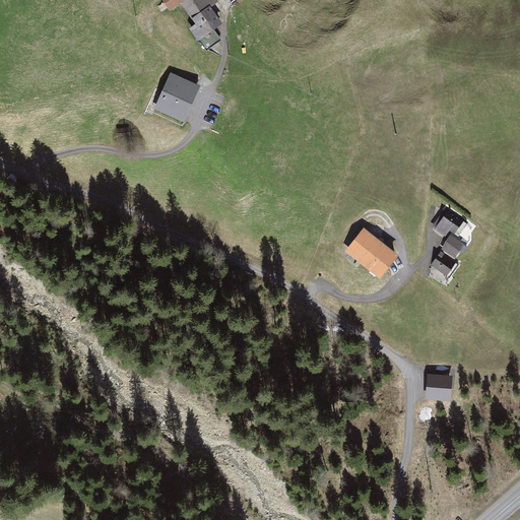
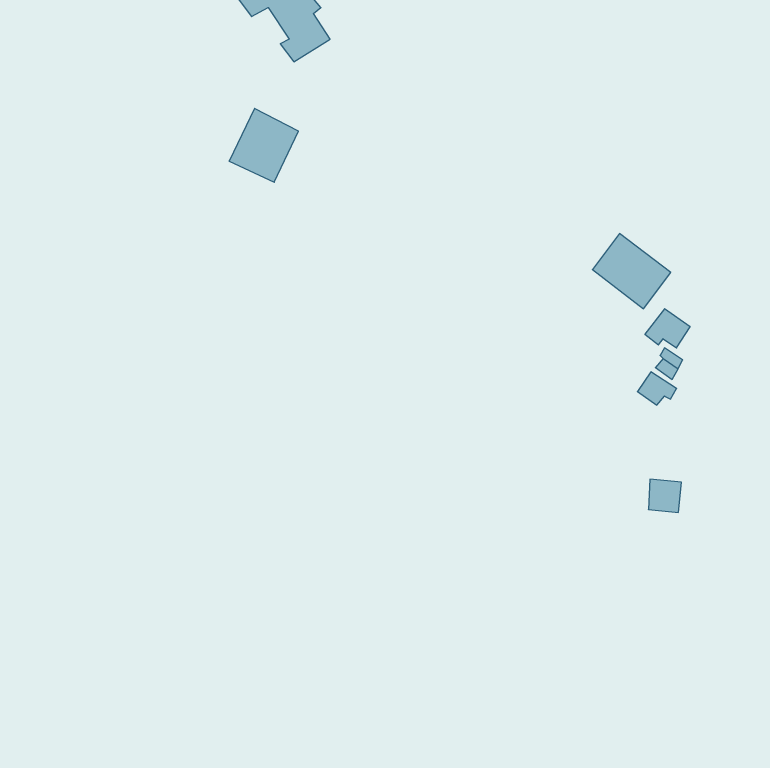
building: [345,224,398,275] -> [592,234,671,309]
building: [428,375,450,397] -> [648,479,681,512]

